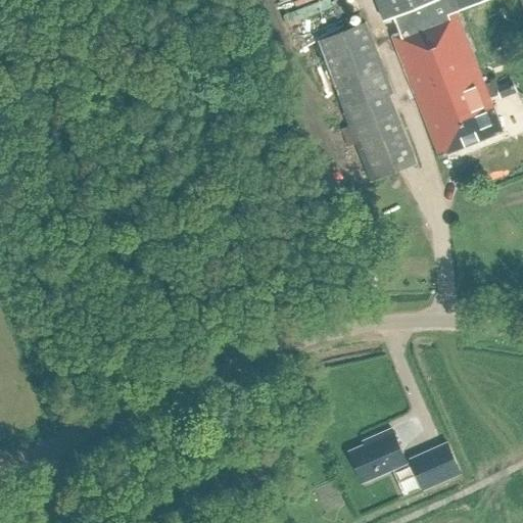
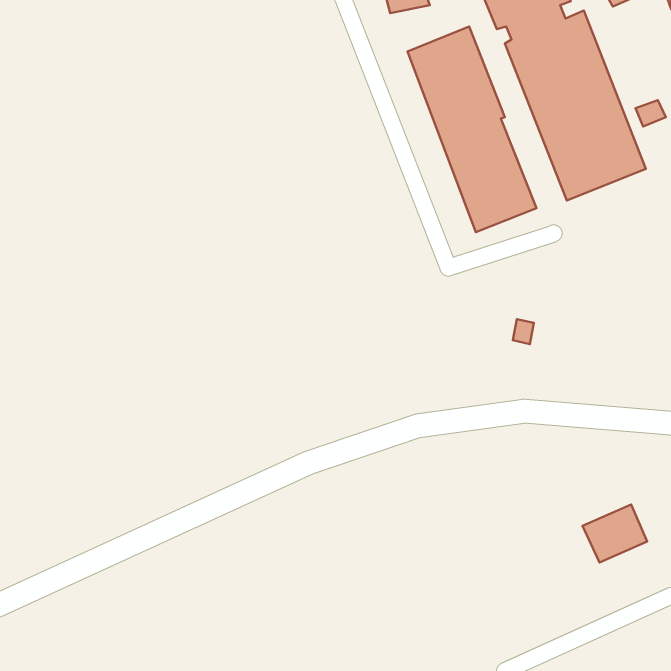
building: [347,428,405,480] -> none
building: [411,441,461,486] -> [582,505,647,563]

